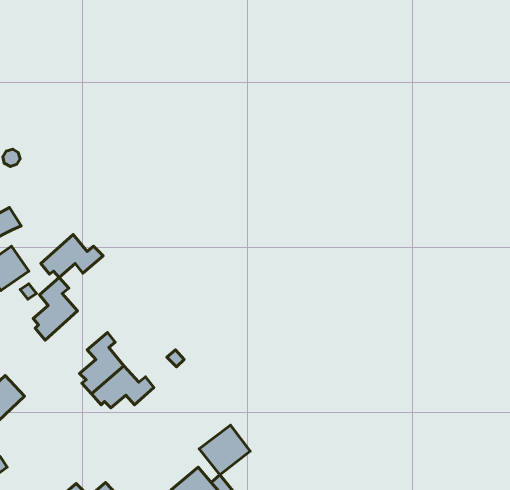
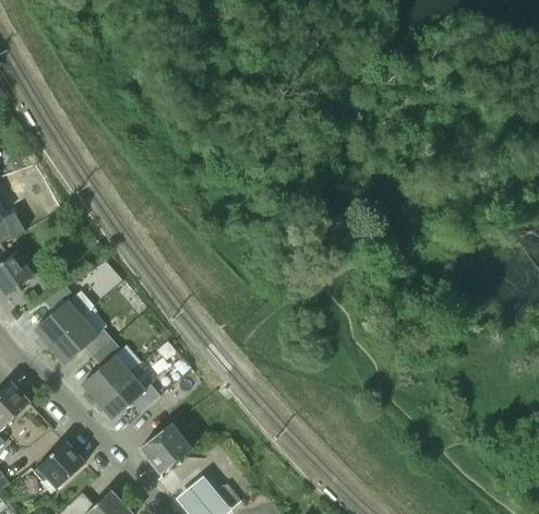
building: [41,234,103,277] -> [49,318,112,361]
building: [199,425,250,475] -> [139,425,190,475]
building: none -> [34,442,84,490]

